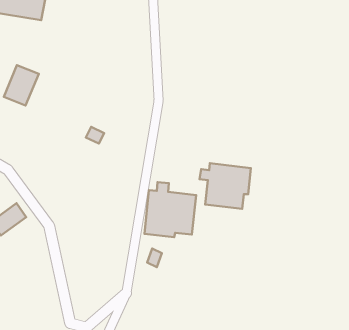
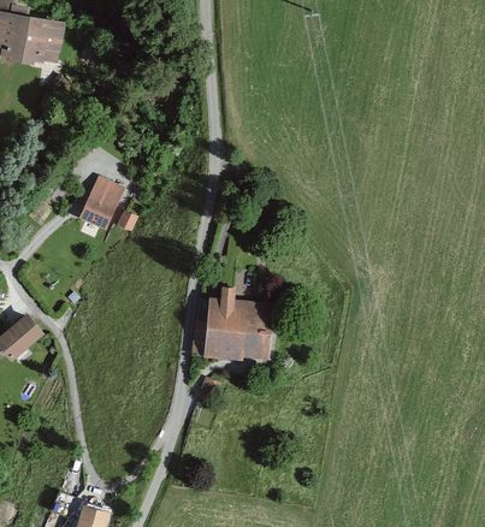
building: [4,65,39,105] -> [81,173,129,229]
building: [200,163,251,209] -> none

